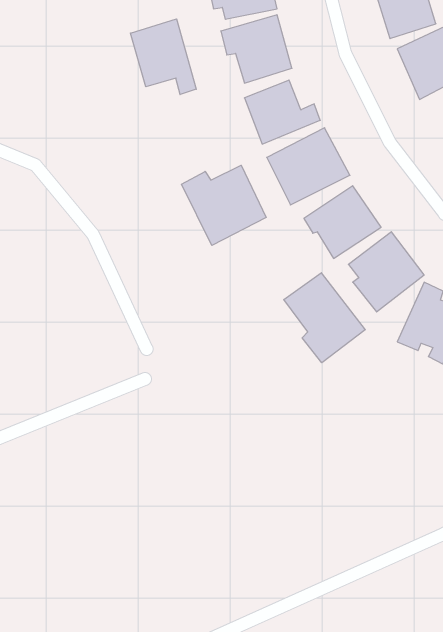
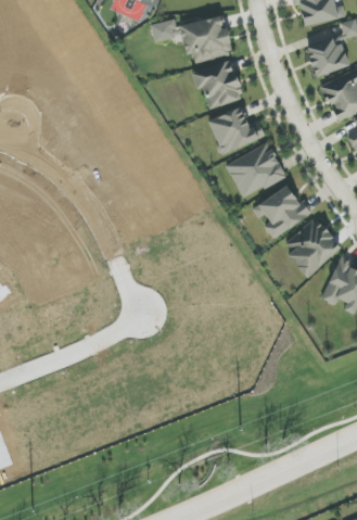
building: [130,19,196,95] -> none
building: [181,165,266,245] -> none
building: [284,273,365,363] -> none

